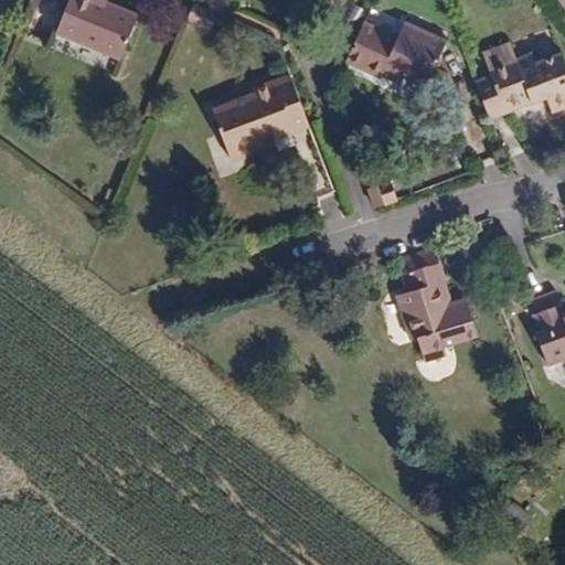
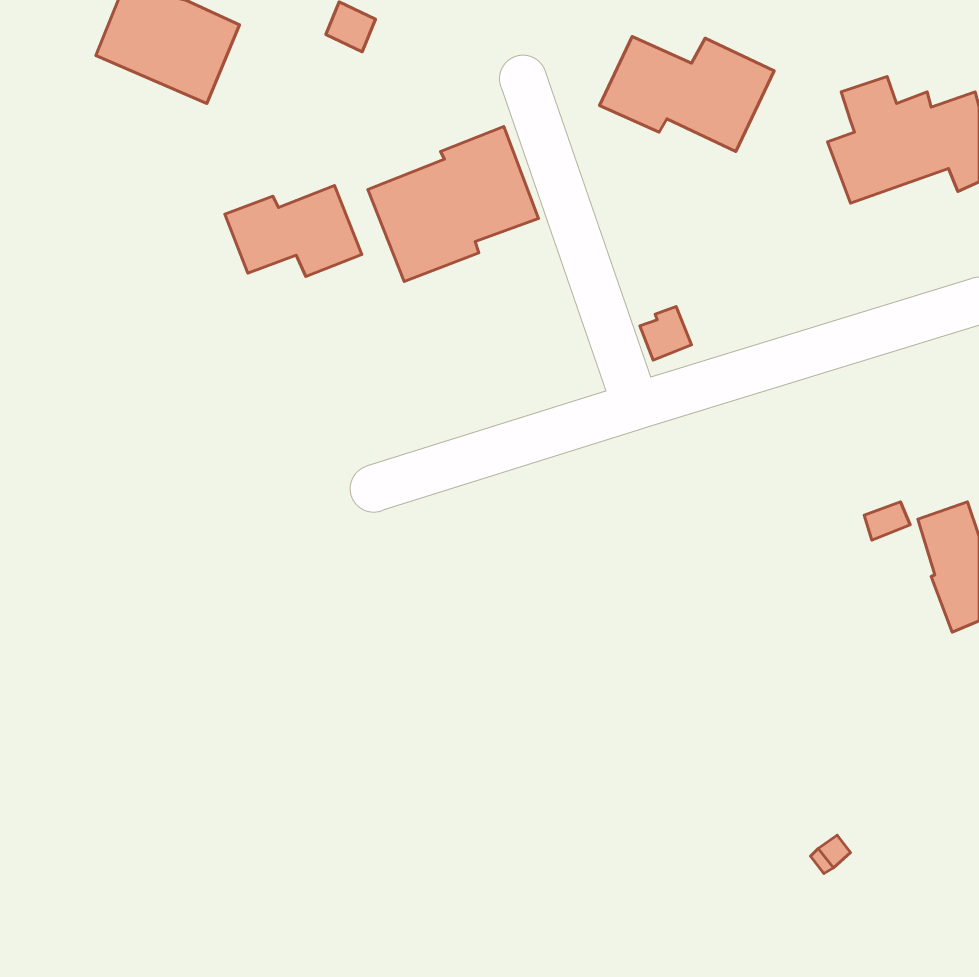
building: none -> [225,186,362,276]
building: [394,247,478,363] -> none

